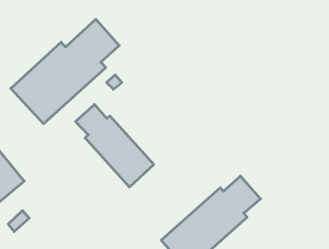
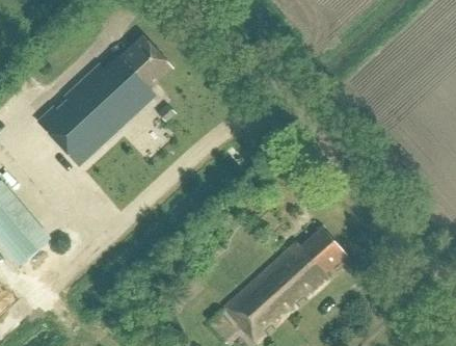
building: [76,104,154,187] -> none

